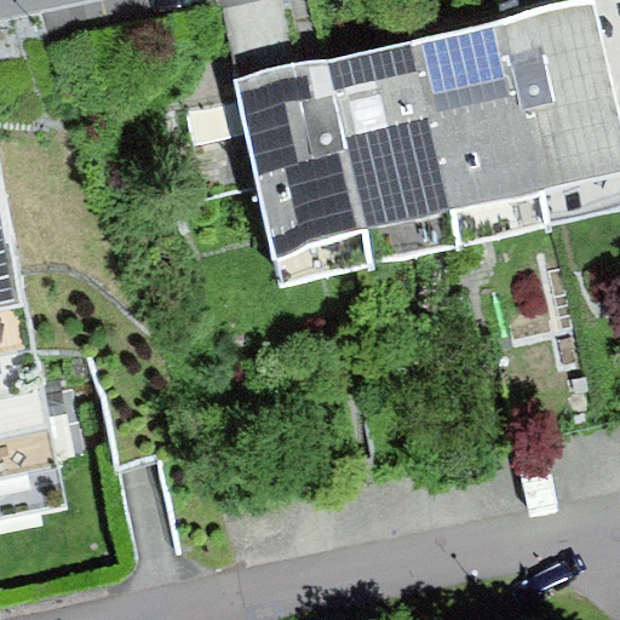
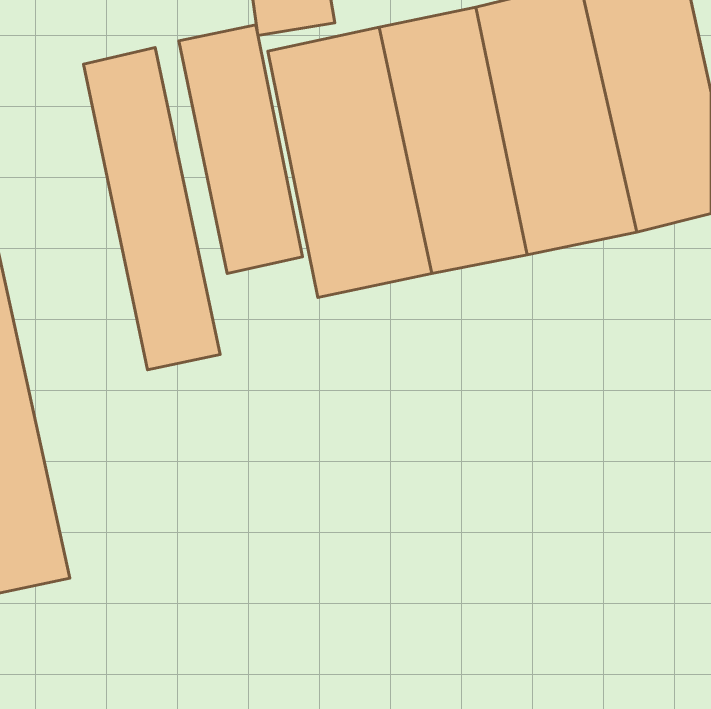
building: none -> [179,25,302,273]
building: none -> [84,47,220,370]

